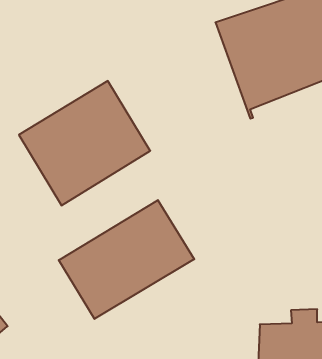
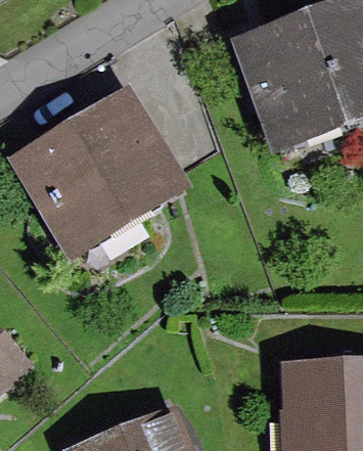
building: [59,200,194,319] -> none

